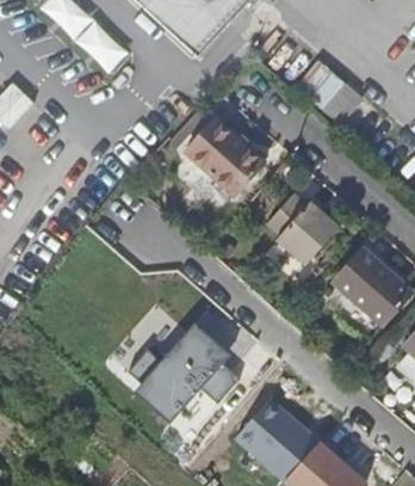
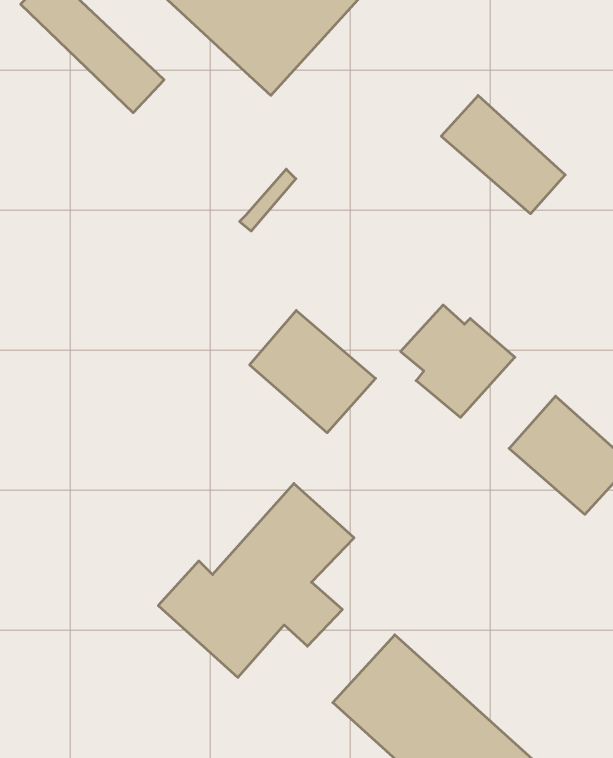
building: [187,117,265,192] -> [250,310,376,433]

